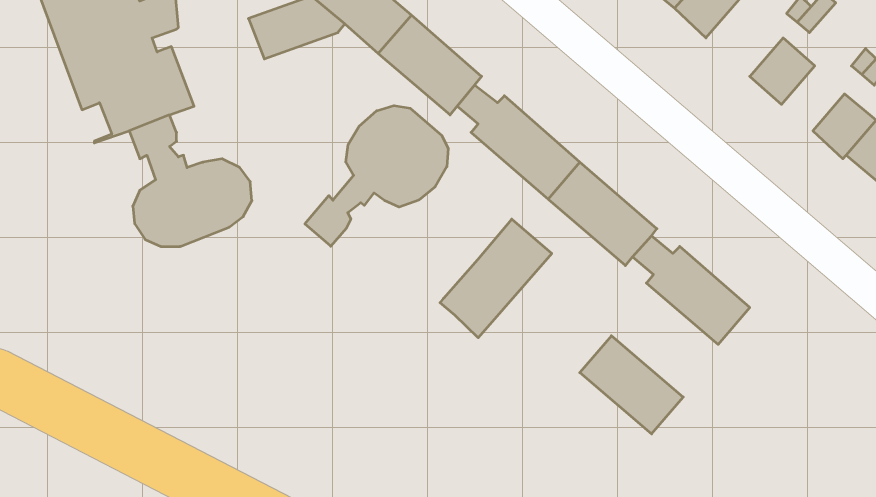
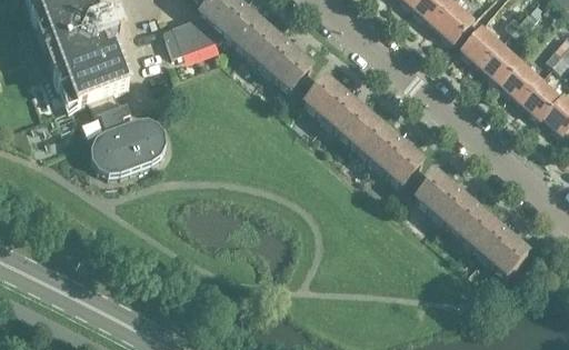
building: none -> [460,23,502,66]
building: none -> [501,59,541,100]
building: [305,106,448,246] -> none
building: [440,219,552,338] -> none
building: [580,336,683,434] -> [461,212,527,274]

